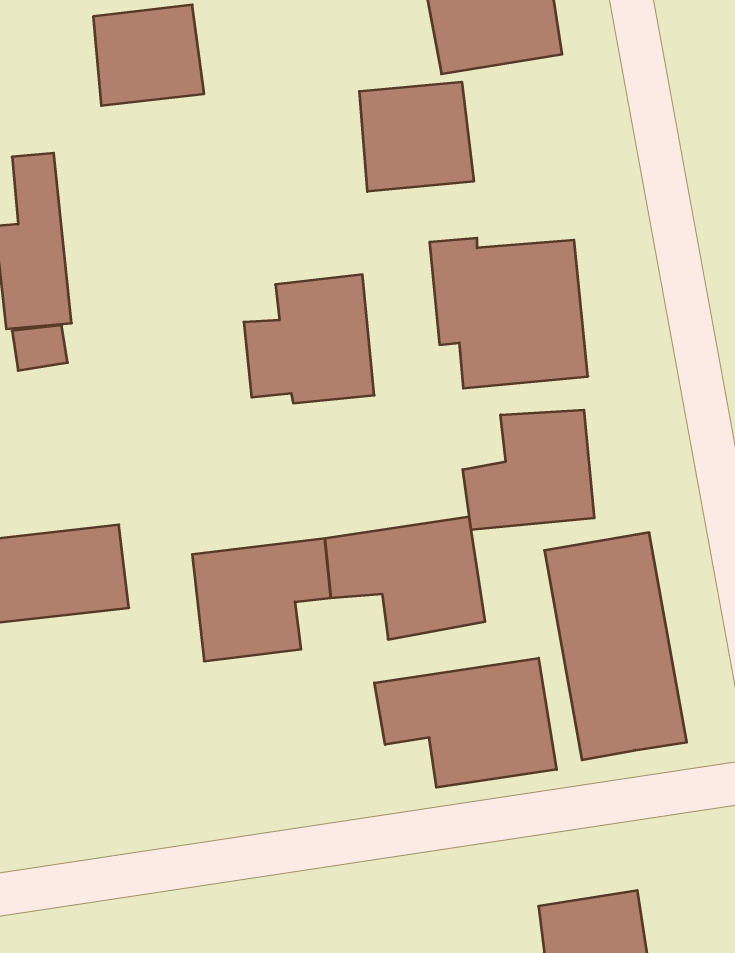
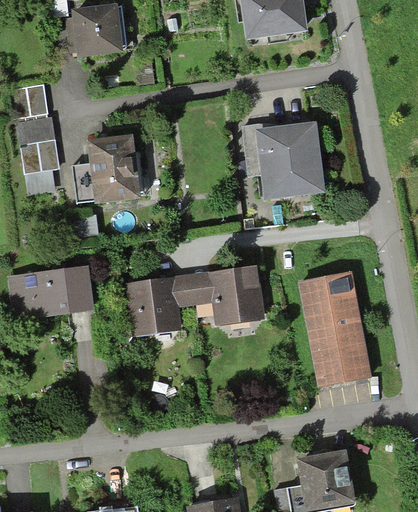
building: [359,82,474,192] -> none
building: [244,275,374,403] -> [71,140,137,205]
building: [463,410,594,530] -> none
building: [374,658,557,787] -> none

